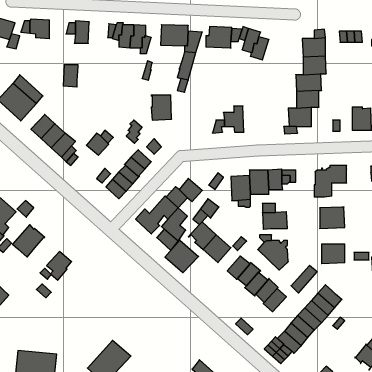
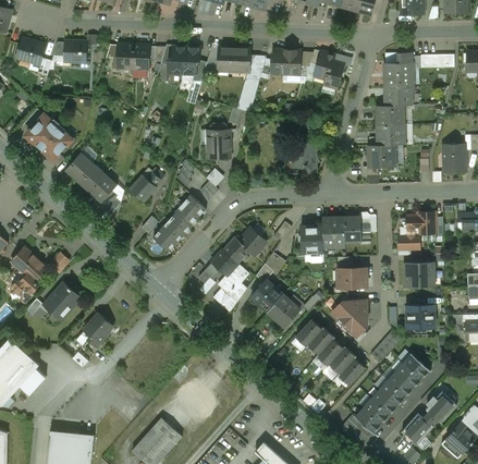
building: [63,65,78,87] -> [132,44,149,70]
building: [165,240,199,273] -> none
building: none -> [401,391,456,444]

